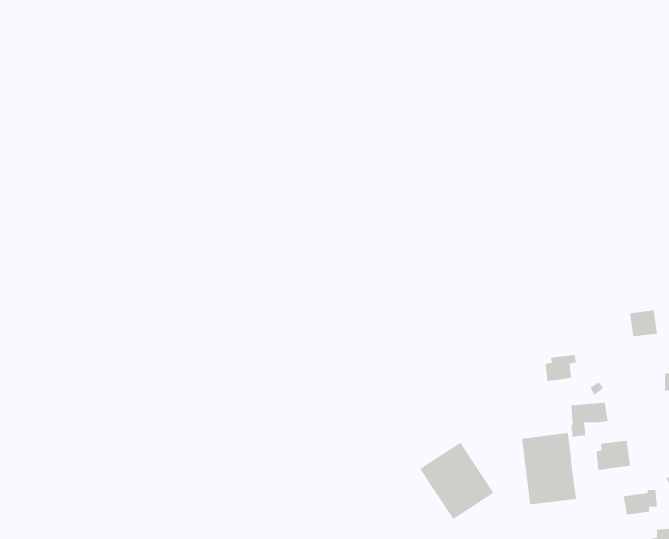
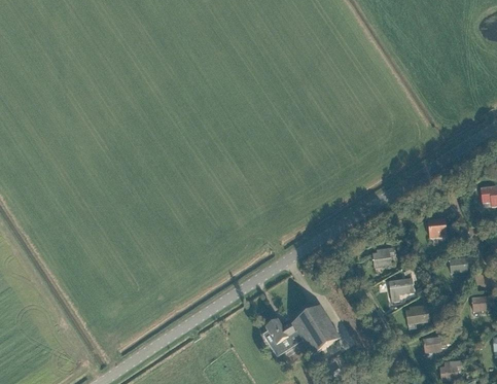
building: [522,432,576,505] -> none
building: none -> [262,319,301,354]

